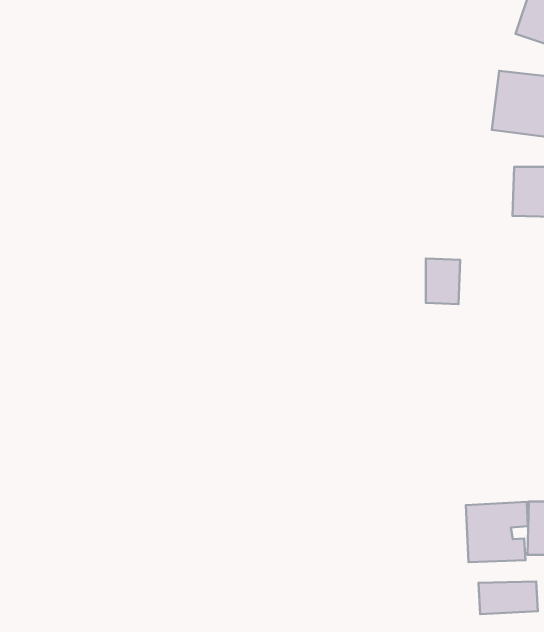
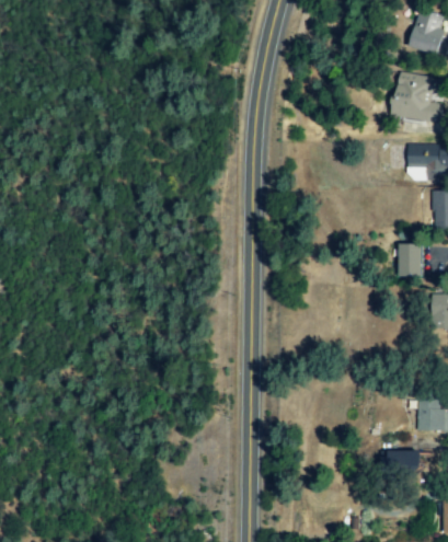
building: [426,258,460,304] -> [400,243,425,277]
building: [466,502,528,562] -> none

